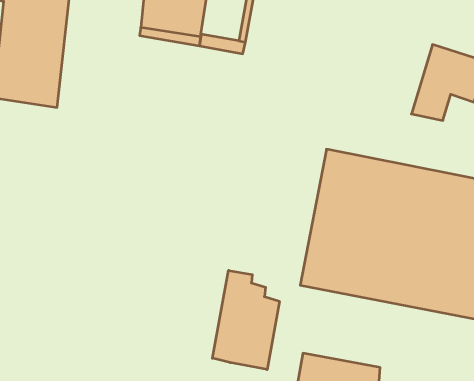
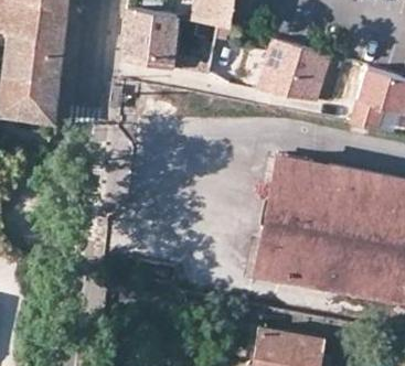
building: none -> [257,40,331,105]
building: [212,270,279,370] -> none

